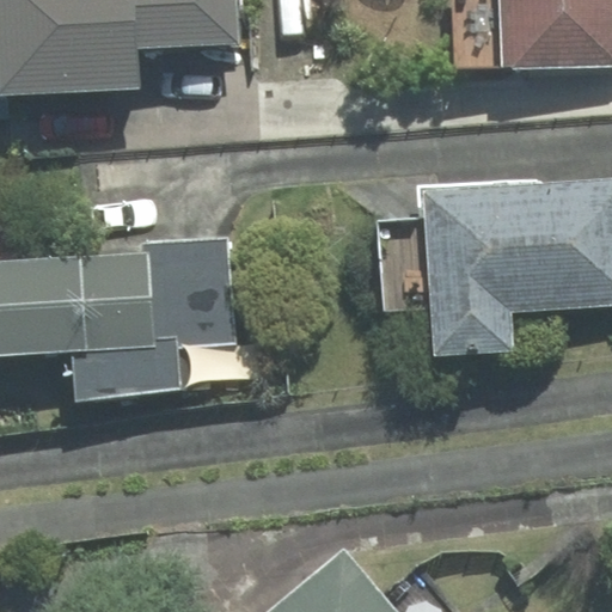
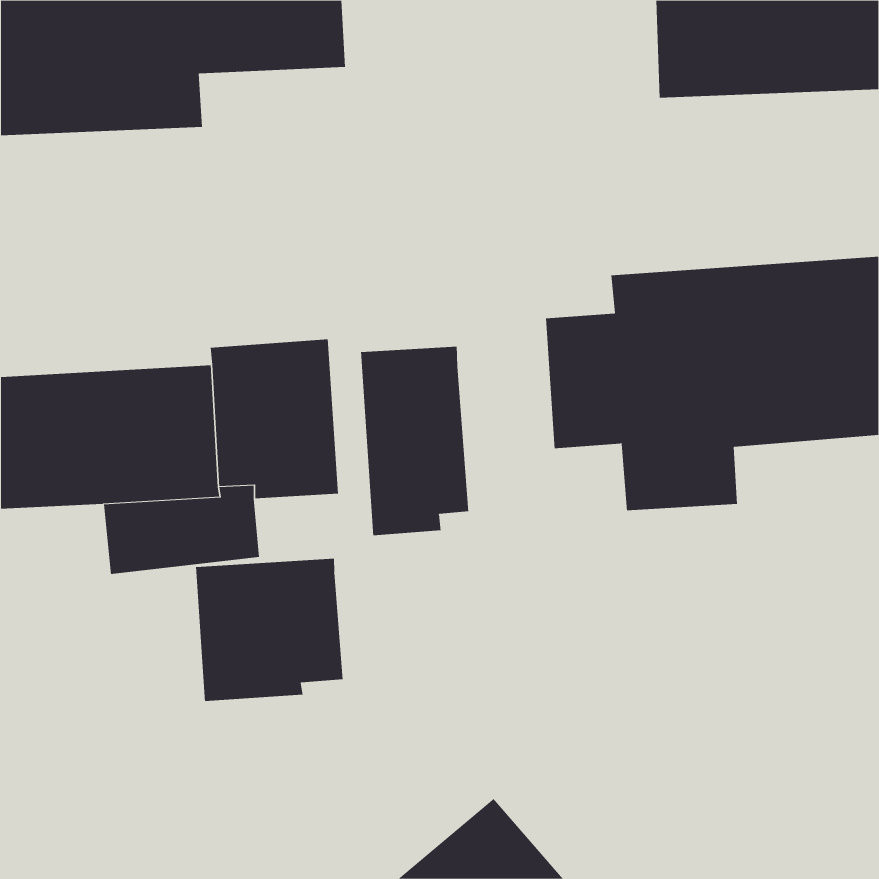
building: none -> [361,346,469,536]
building: none -> [196,558,343,702]

